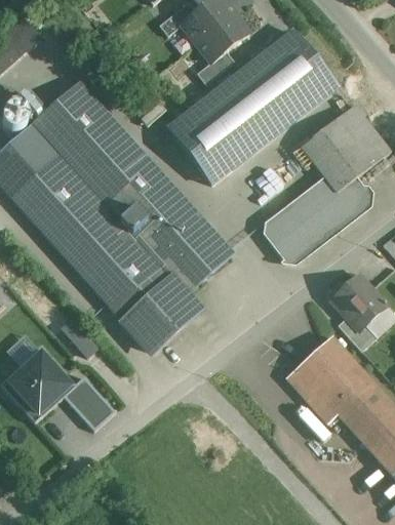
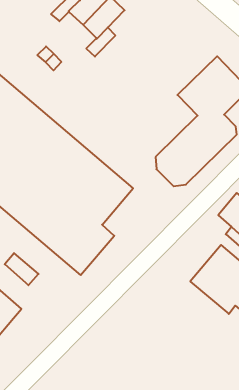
building: [169,32,338,184] -> none
building: [64,375,114,428] -> none

